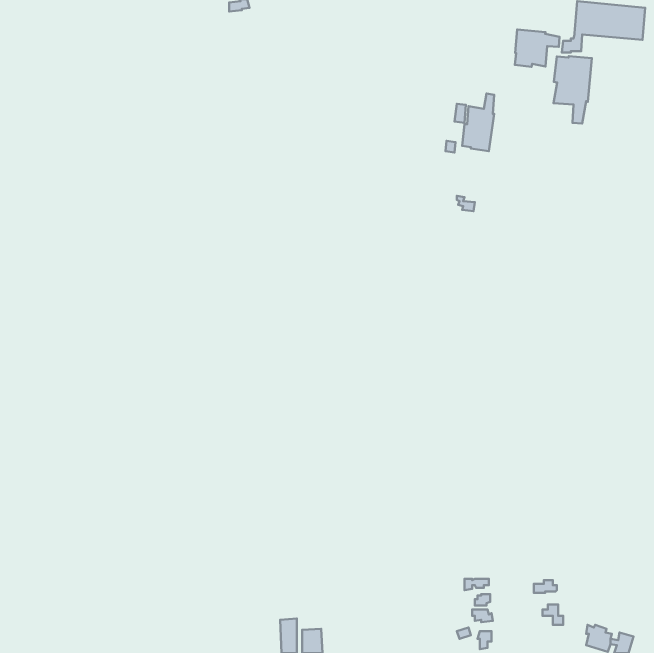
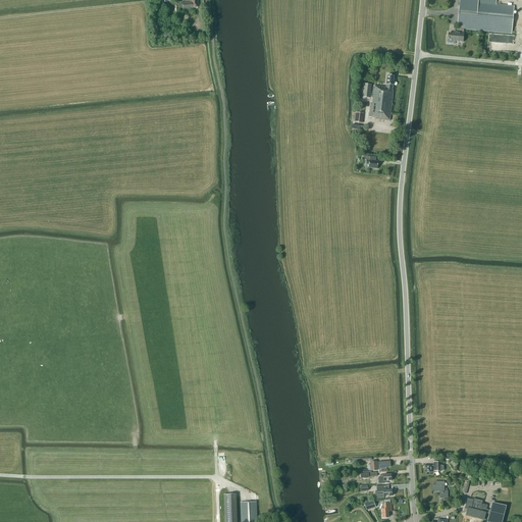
building: [515,29,560,67] -> none
building: [554,56,592,123] -> none

